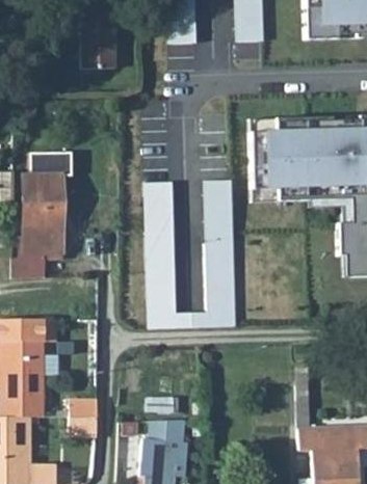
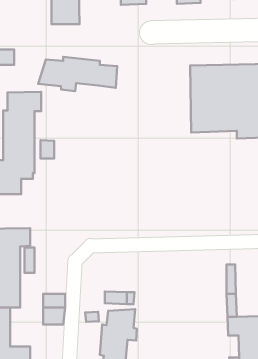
building: none -> [38,57,117,91]
building: [143,179,238,329] -> none

